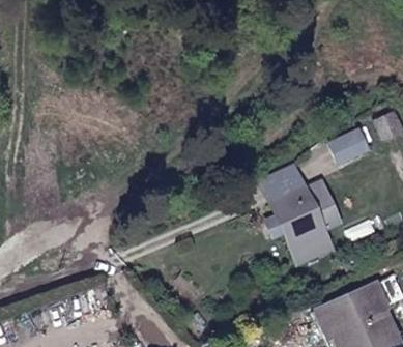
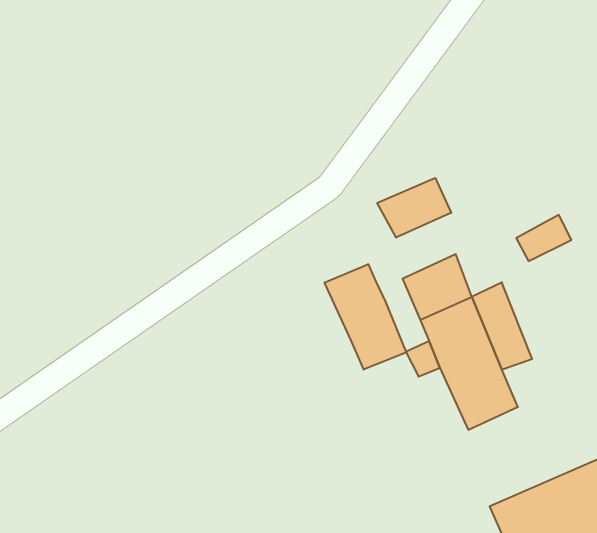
building: none -> [377,178,451,238]
building: none -> [325,264,406,370]

